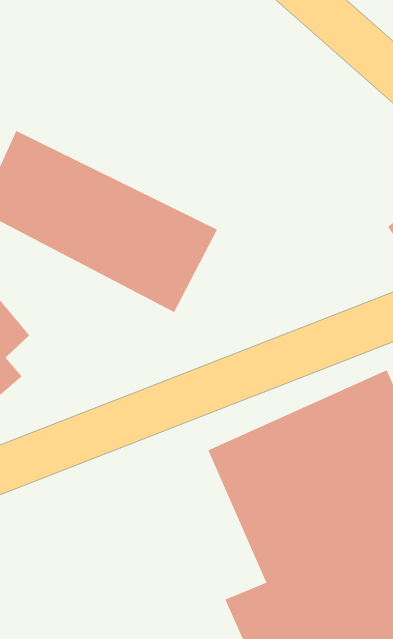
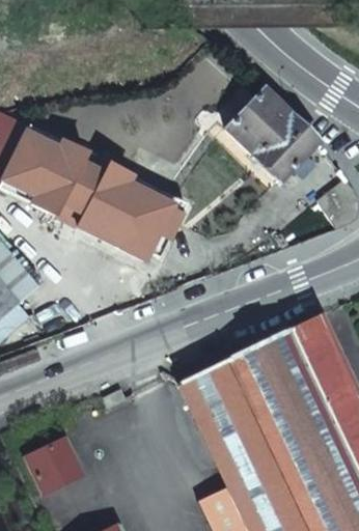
building: none -> [227,85,319,176]
building: none -> [27,439,77,493]

